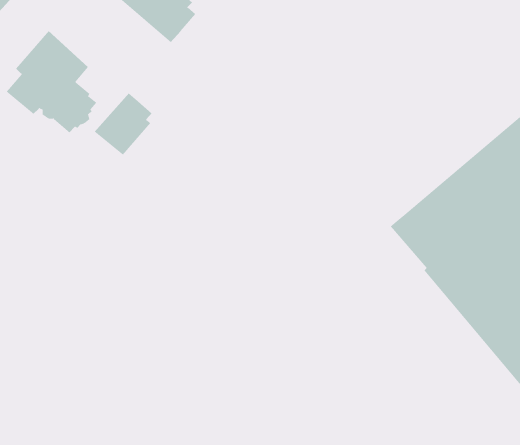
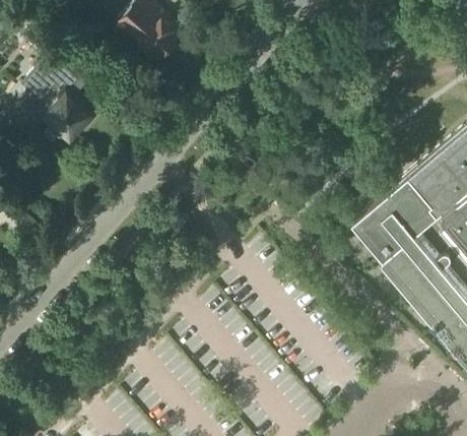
building: [94,92,153,156] -> none

